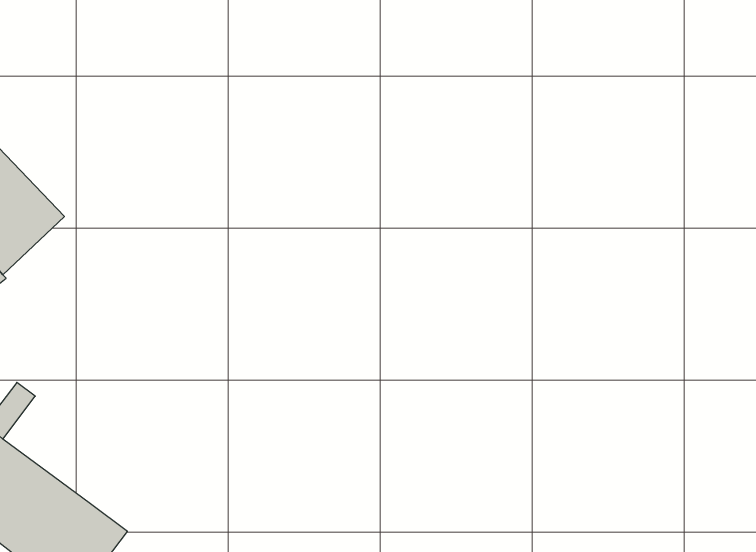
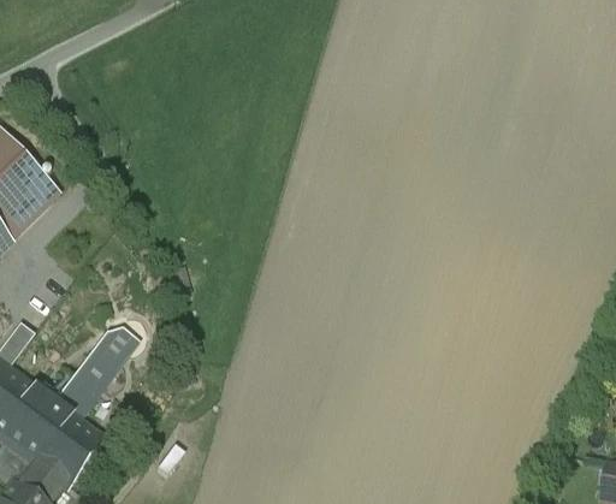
building: none -> [55,325,138,416]

